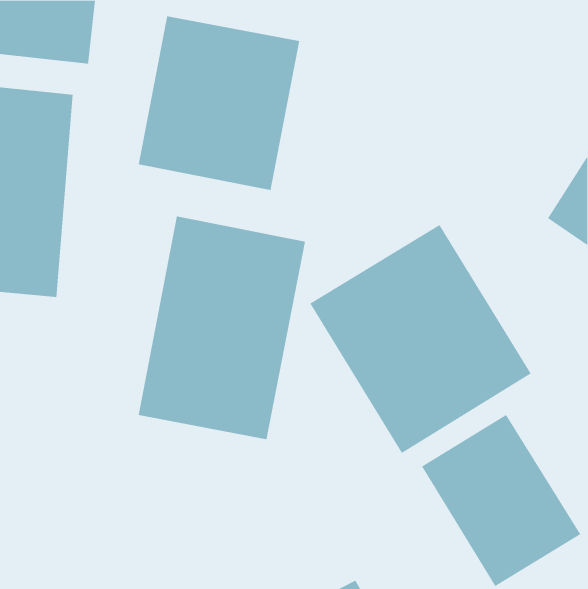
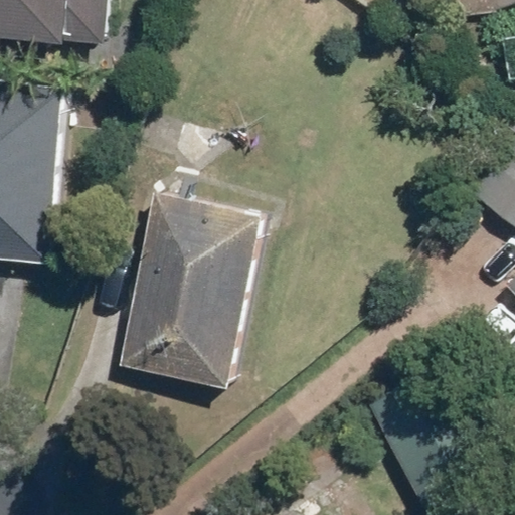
building: [138,15,300,191] -> none
building: [310,224,531,454] -> none

